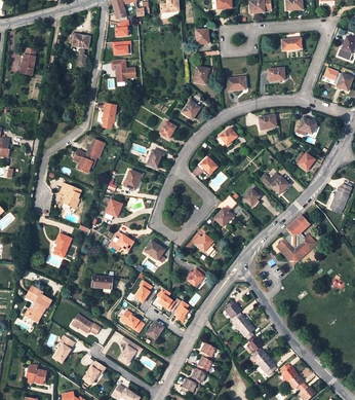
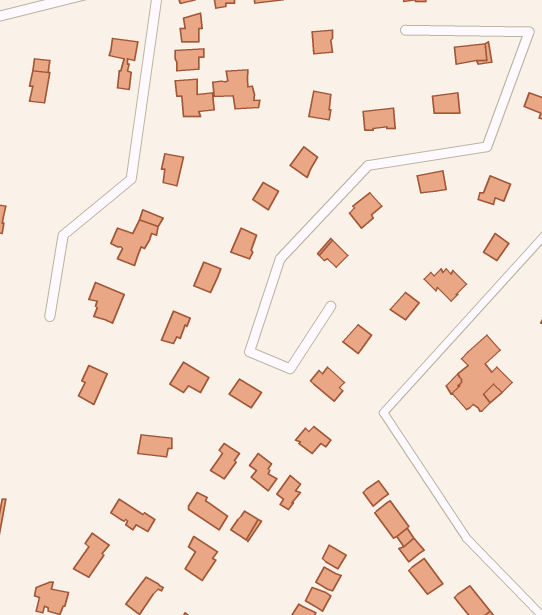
building: none -> [213,70,260,109]
building: [27,286,51,321] -> none

